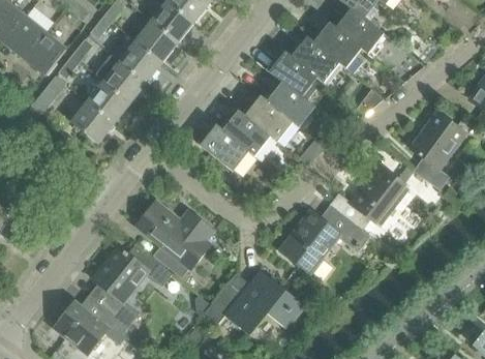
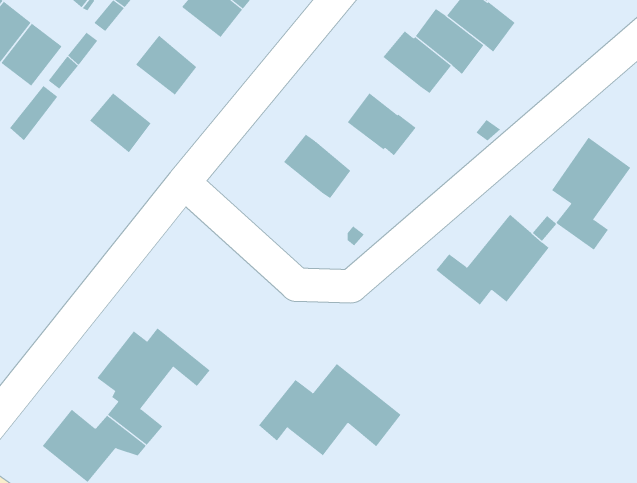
building: [135,20,179,62] -> none
building: [270,51,317,95] -> none
building: [103,60,147,101] -> none
building: [245,94,293,140] -> none
building: [70,99,115,143] -> none
building: [201,124,249,171] -> none
building: [135,201,213,276] -> none
building: [277,209,369,279] -> none

